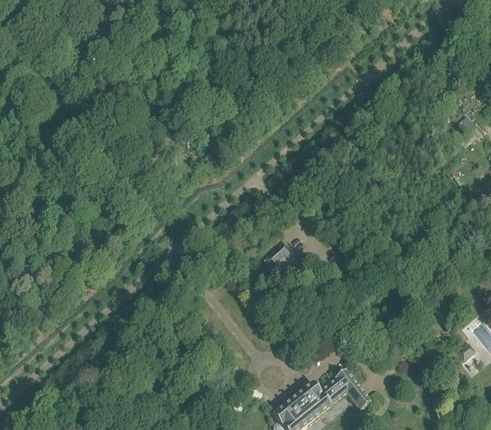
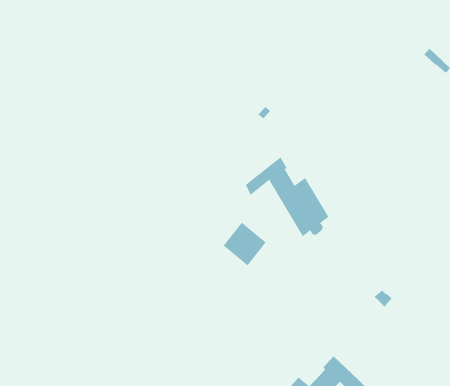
building: none -> [245,156,329,237]

